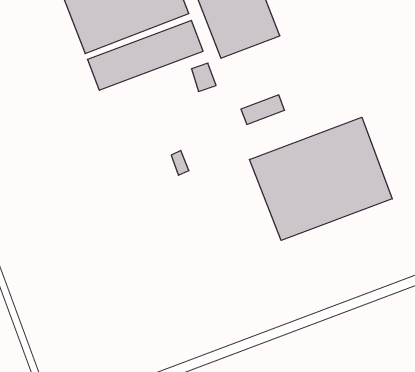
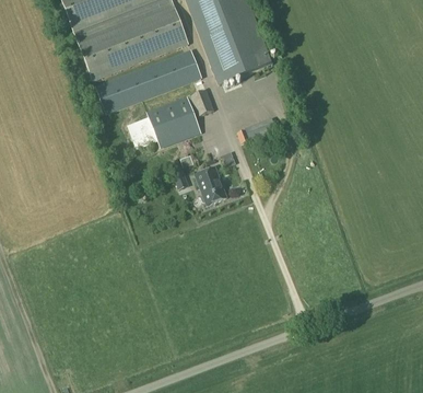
building: none -> [128,95,201,149]
building: [249,117,392,240] -> none
building: none -> [196,166,227,205]

